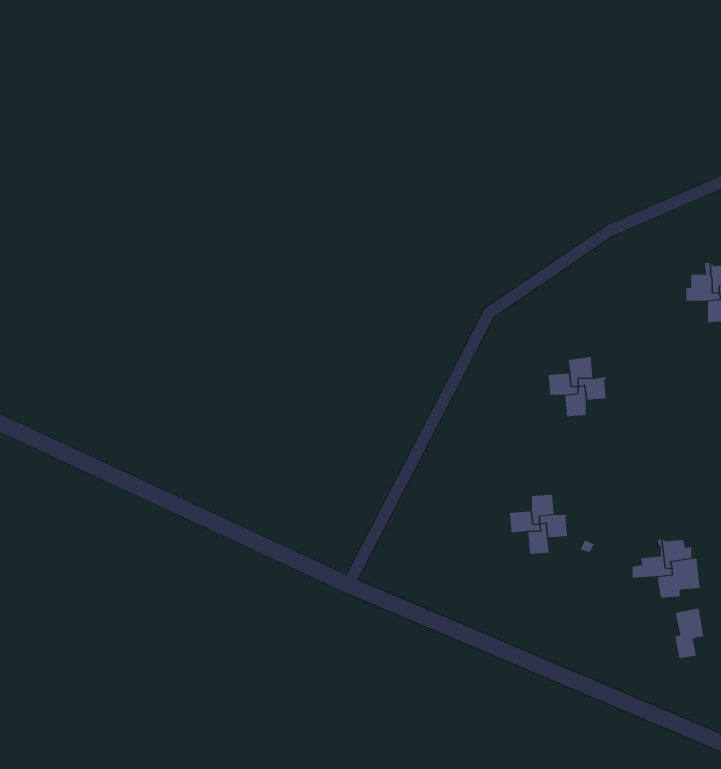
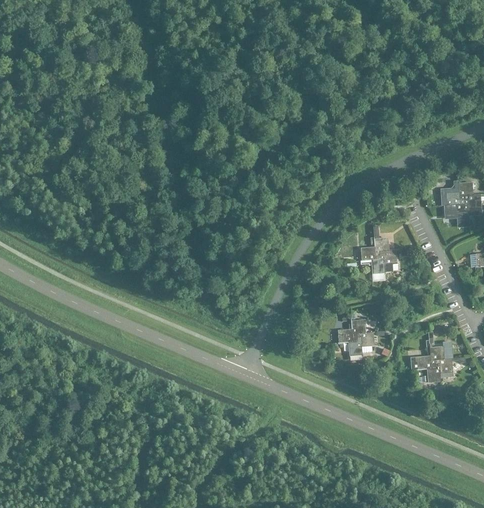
building: [675,607,704,659] -> none

